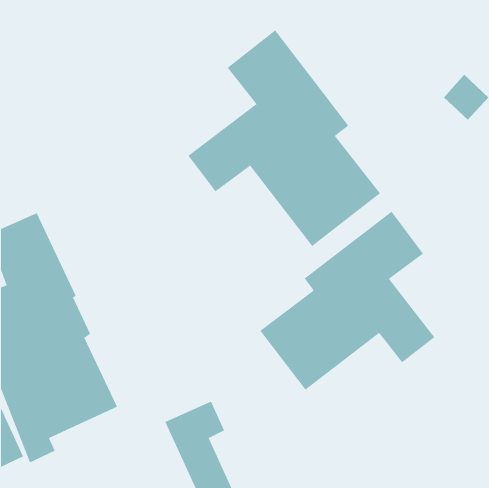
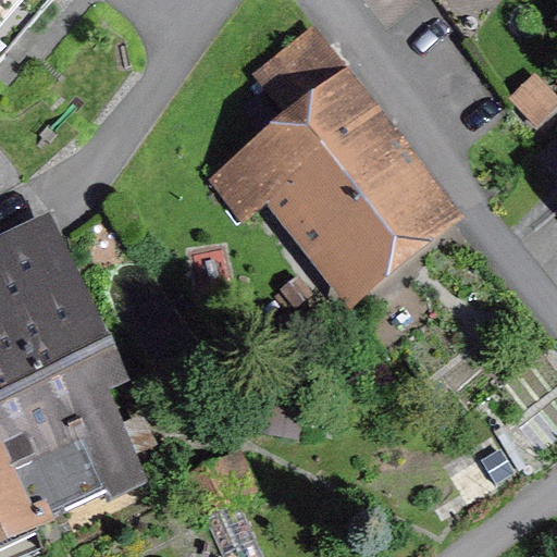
building: [260,211,435,390] -> none

